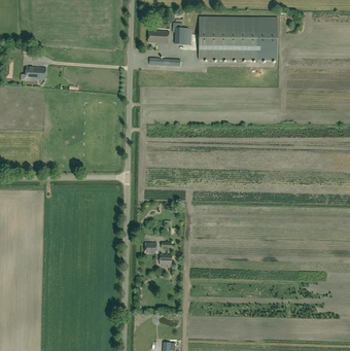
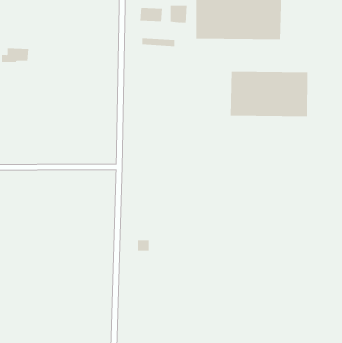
building: none -> [230,71,308,117]

